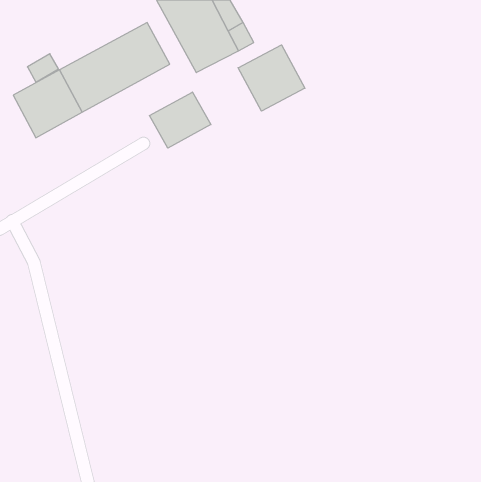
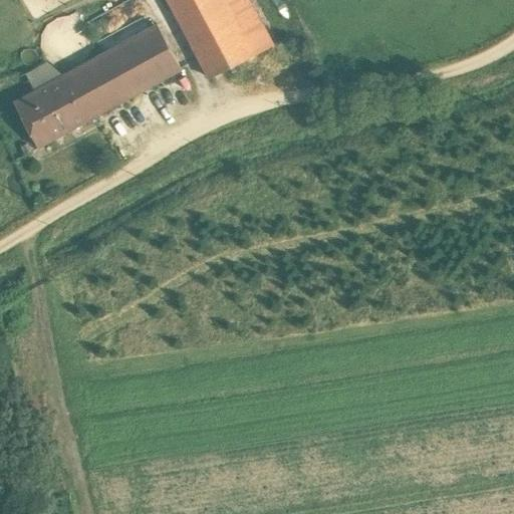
building: [238,45,305,111] -> none
building: [149,92,211,148] -> none

